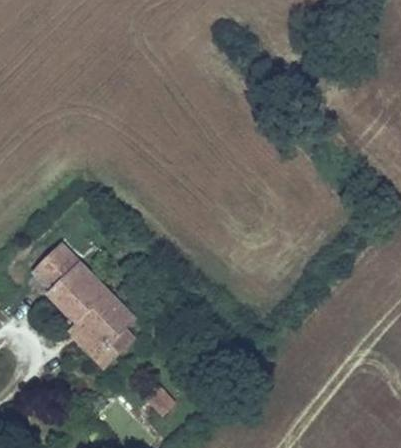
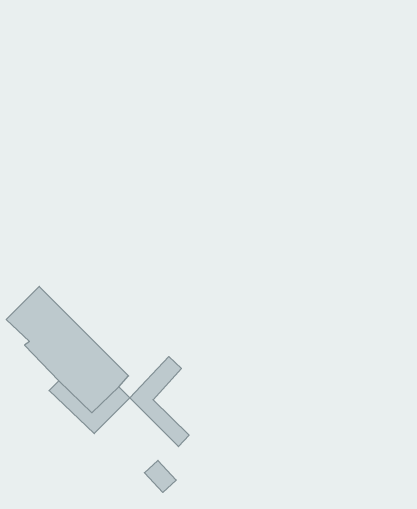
building: none -> [130,357,189,447]

